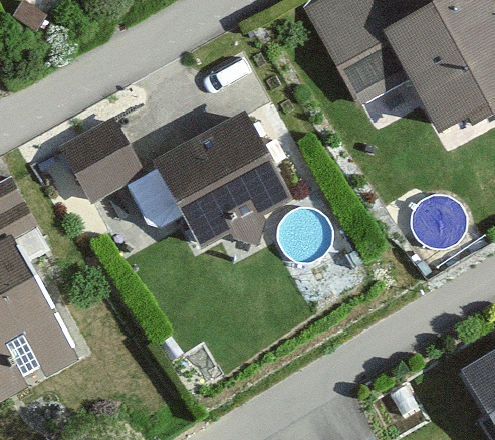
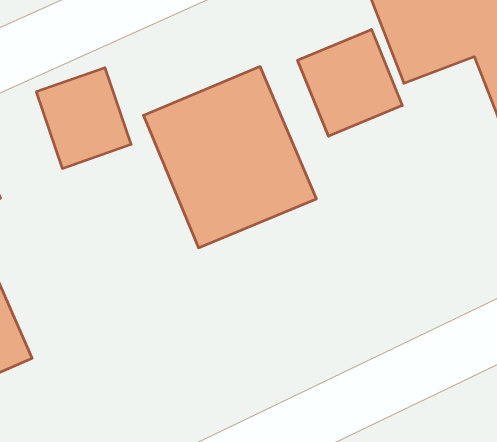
building: none -> [298,29,402,136]

